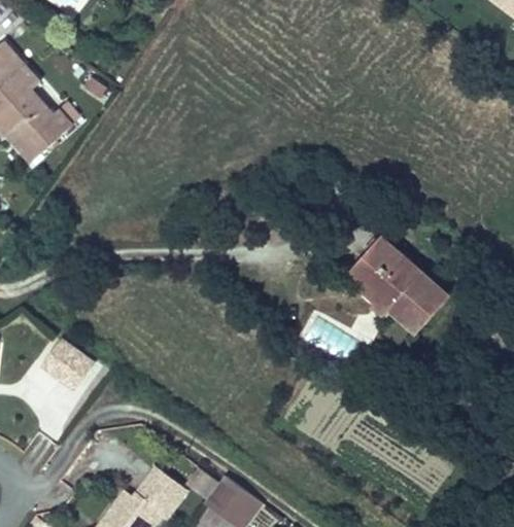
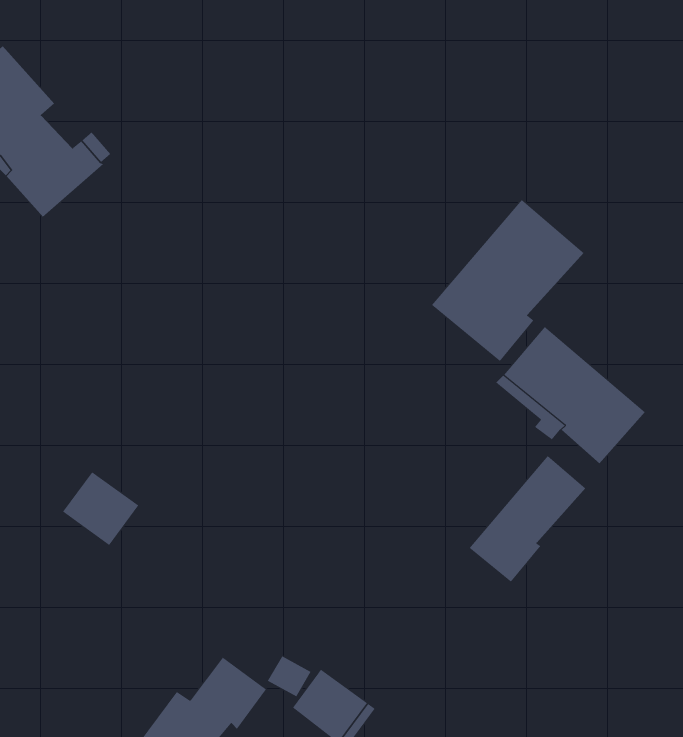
building: none -> [431,199,584,362]
building: none -> [469,455,586,583]

